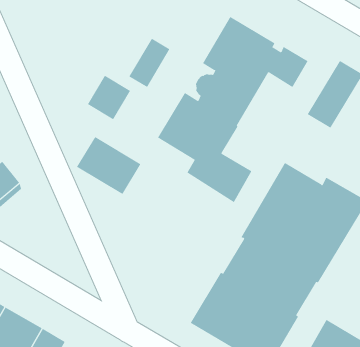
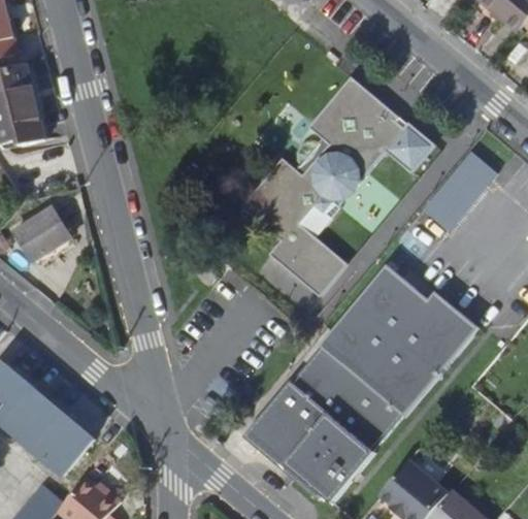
building: [128,38,170,88] -> none
building: [87,75,131,120] -> none
building: [76,136,141,195] -> none

